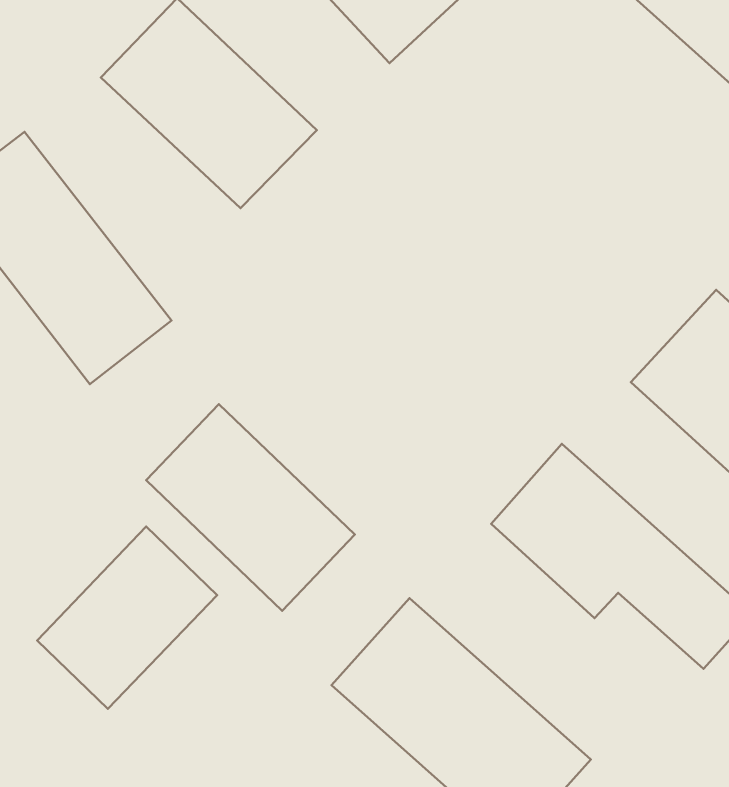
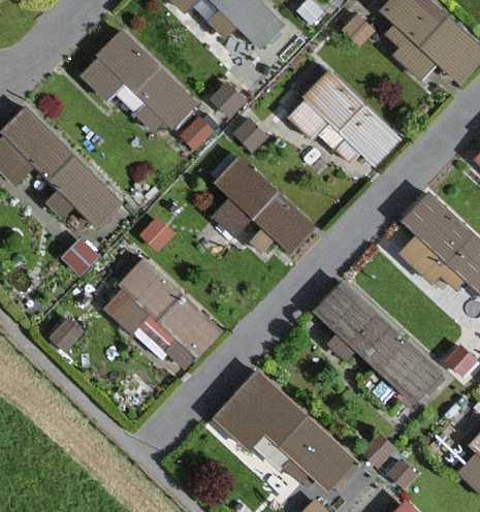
building: none -> [293,71,399,175]
building: none -> [210,163,316,261]
building: [37,527,217,709] -> none

